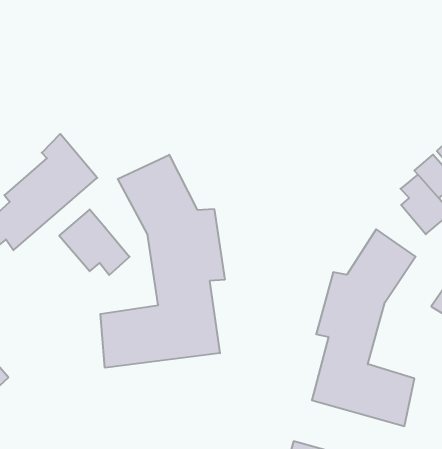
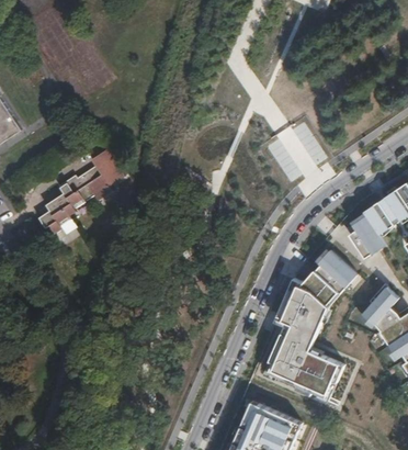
building: [100,155,225,368] -> none
building: [59,209,130,275] -> none

